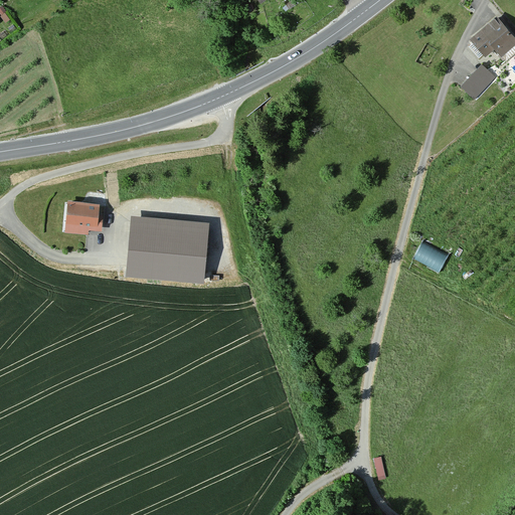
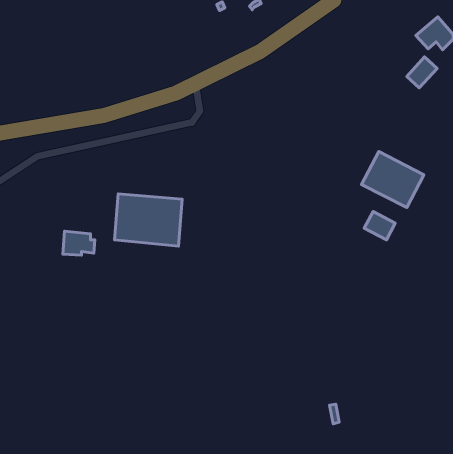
building: none -> [361,152,424,207]
building: [65,203,102,230] -> [63,231,95,255]

